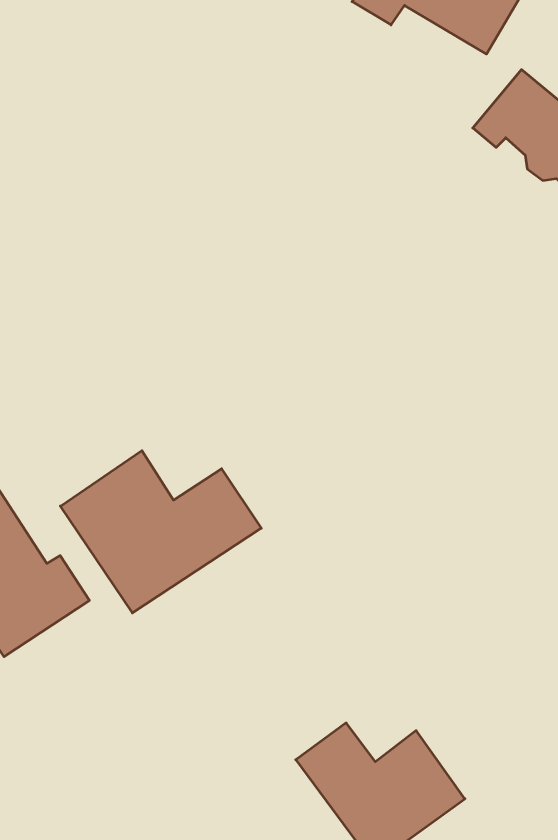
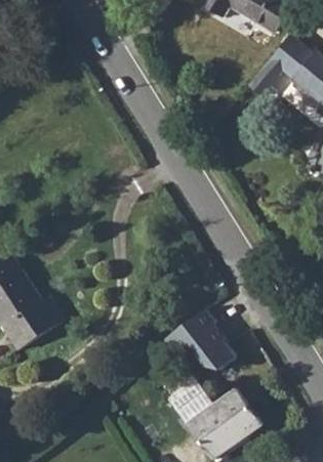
building: [60,451,261,613] -> none
building: none -> [164,307,235,369]

